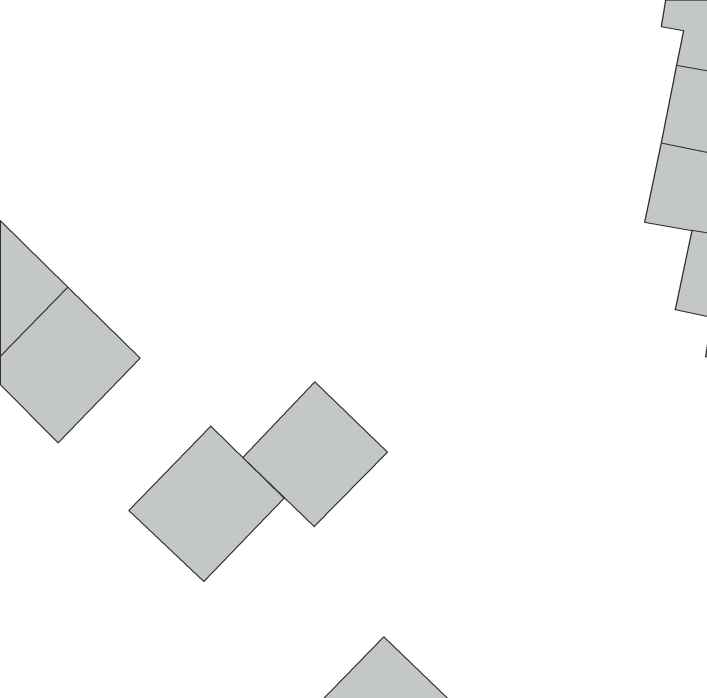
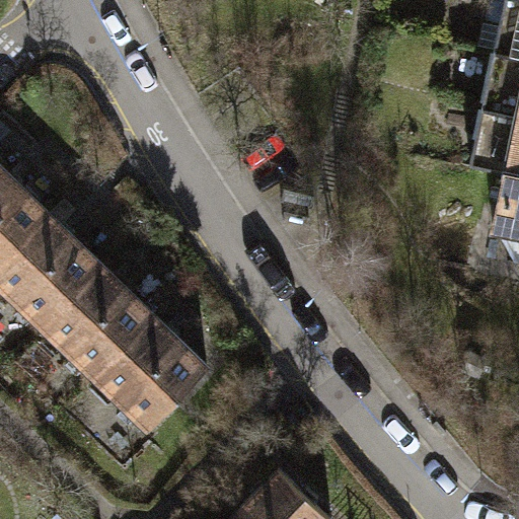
building: none -> [44,270,155,381]
building: [243,382,387,527] -> none

